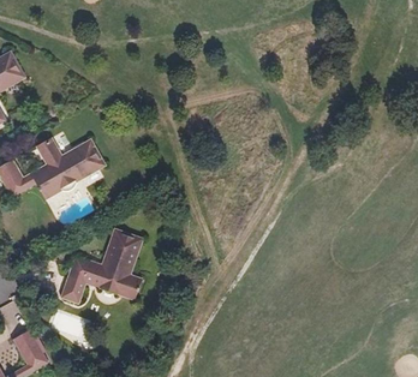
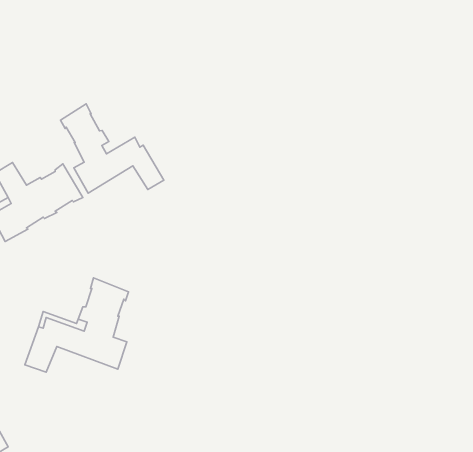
building: none -> [61,104,164,193]

